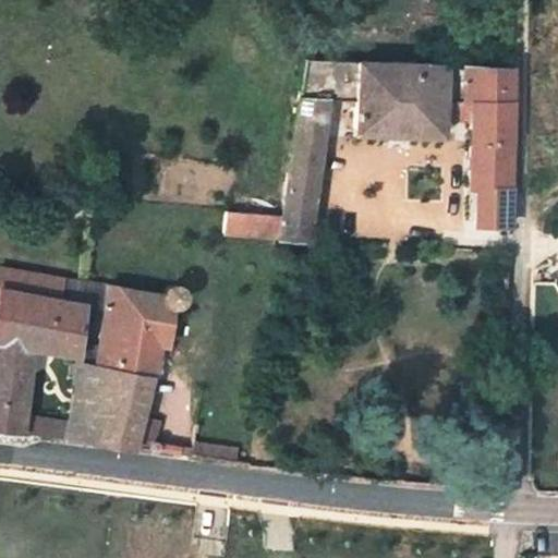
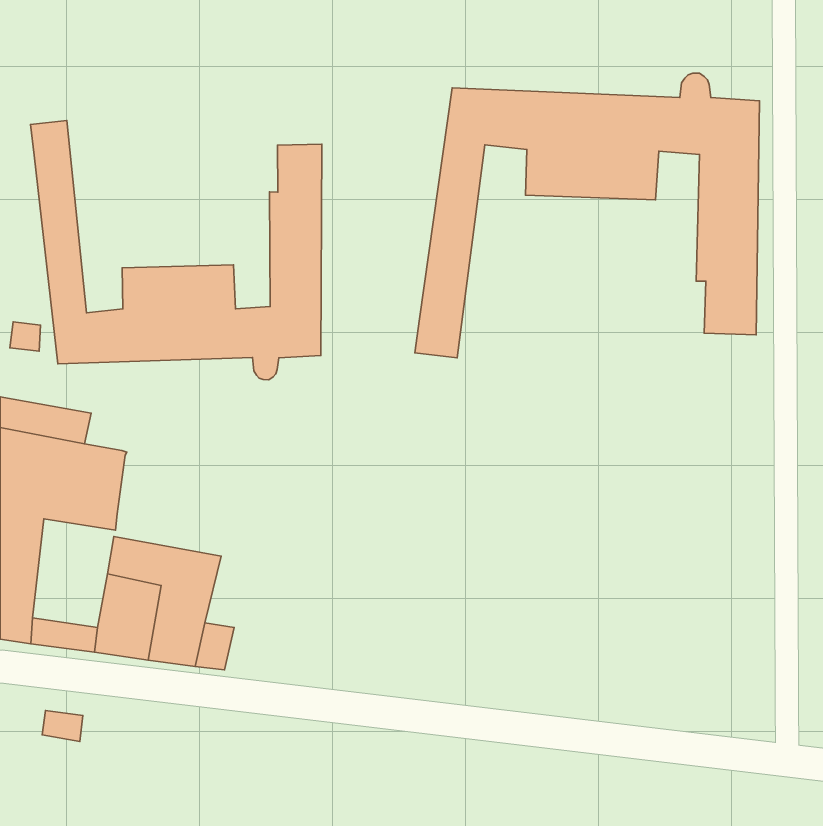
building: none -> [31,120,322,380]
building: [227,213,287,240] -> none
building: [82,283,185,376] -> none

